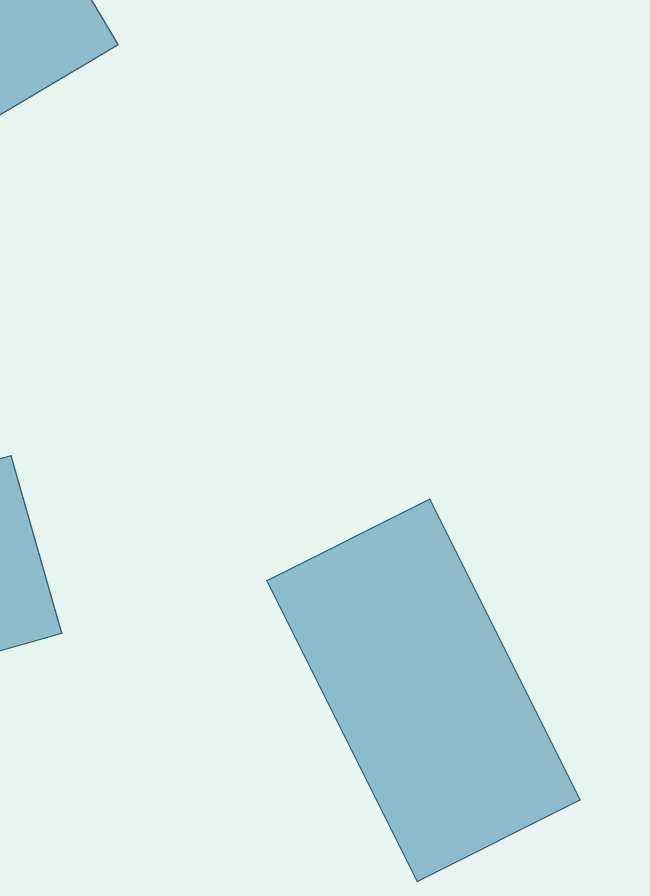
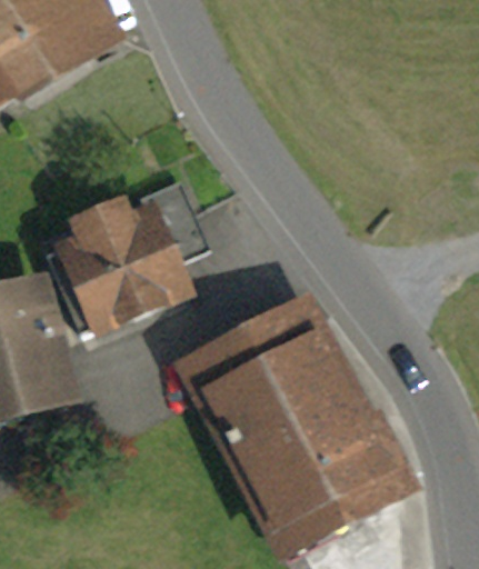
building: none -> [61,220,188,337]

